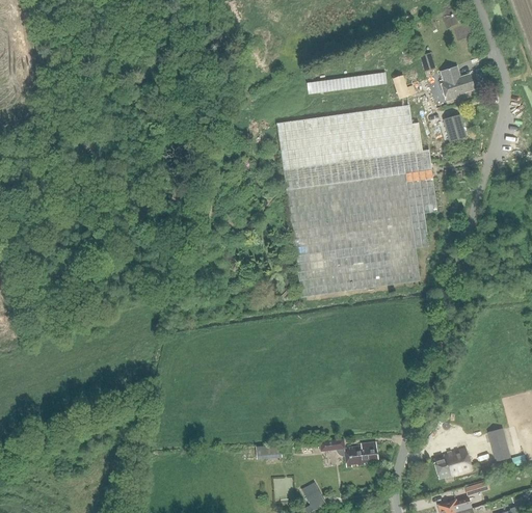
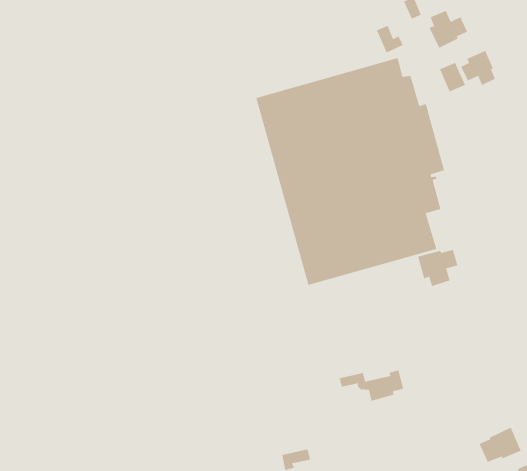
building: none -> [461,50,496,86]
building: none -> [417,249,458,287]
building: [320,439,377,466] -> [339,370,404,401]

